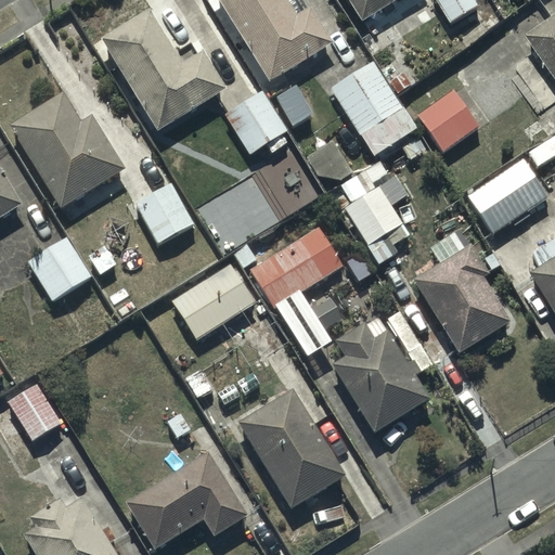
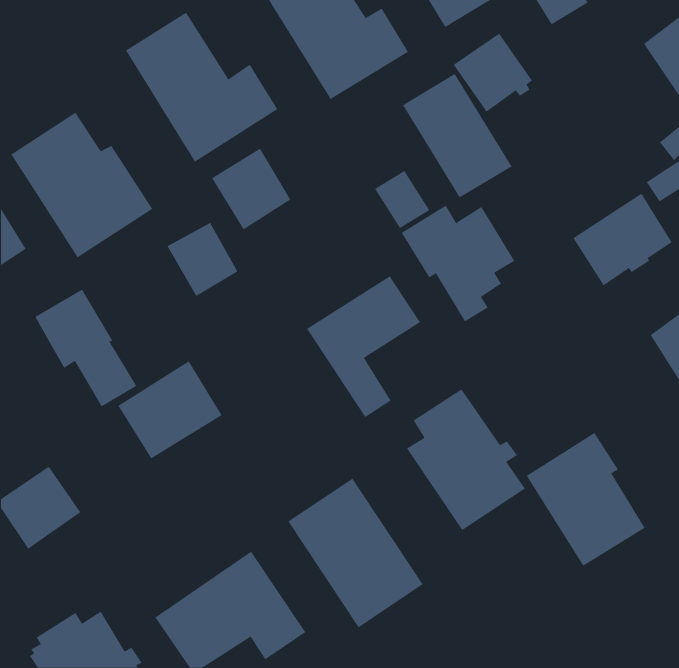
building: [415,87,480,152] -> [453,33,533,113]
building: [224,88,289,155] -> [211,148,291,230]
building: [413,245,511,354] -> [526,432,646,566]
building: [172,259,258,339] -> [117,361,223,459]

